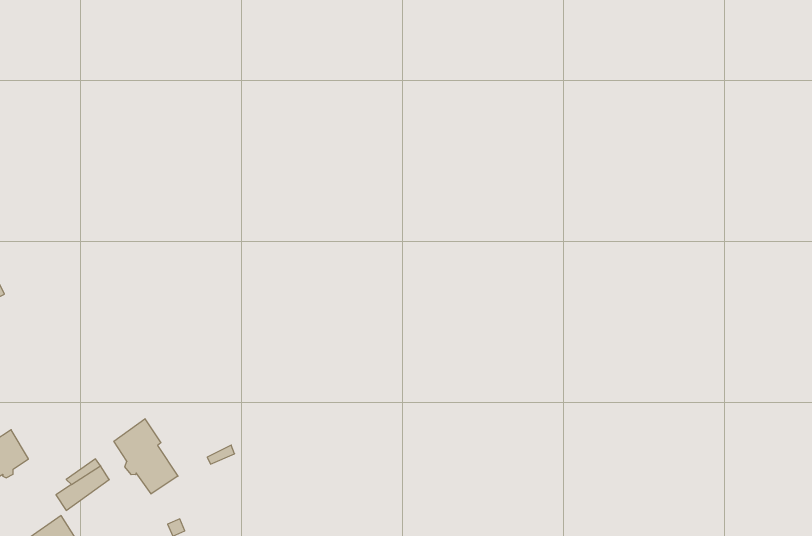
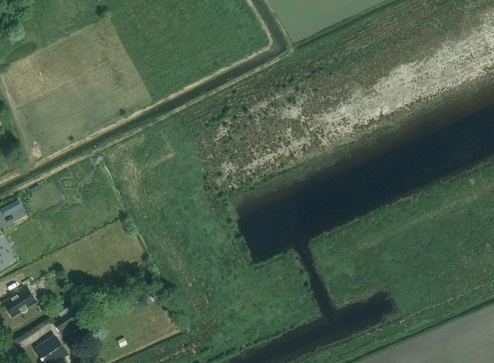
building: [114,419,178,494] -> none

